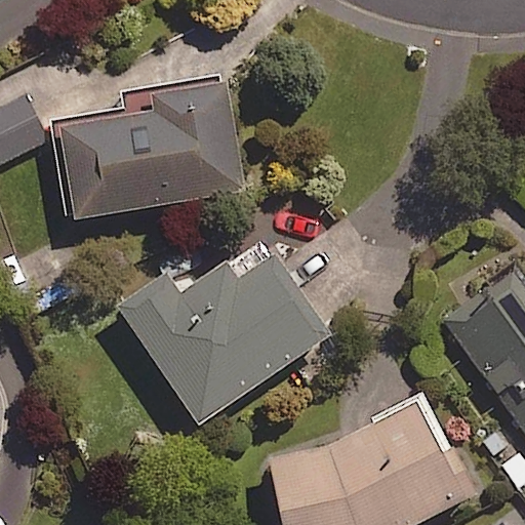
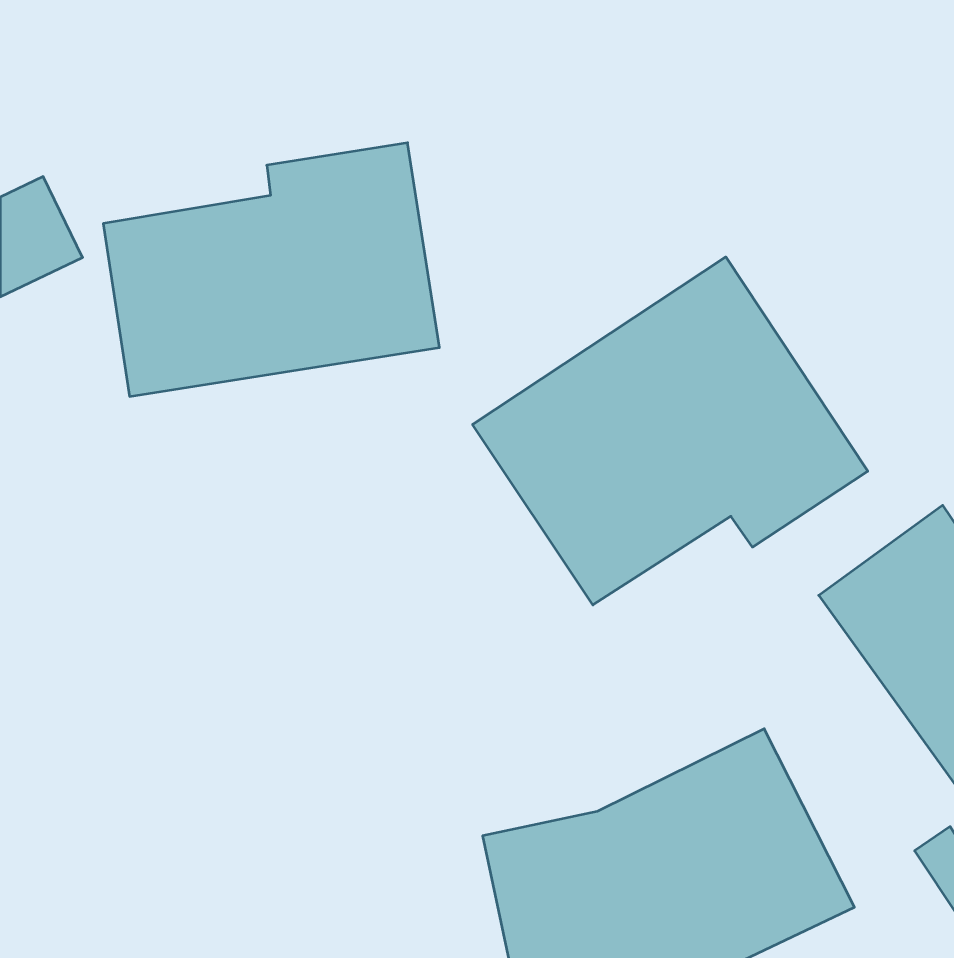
building: none -> [473,257,868,605]
building: [119,254,327,422] -> none

